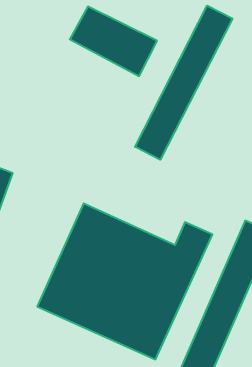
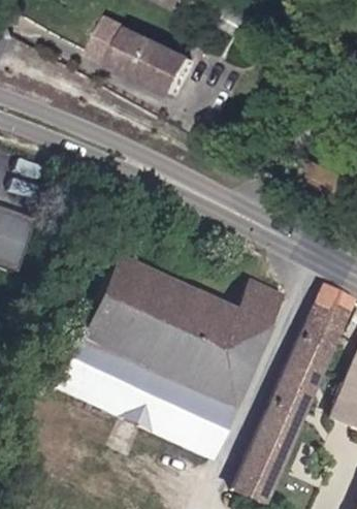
building: [135,6,232,160] -> none

